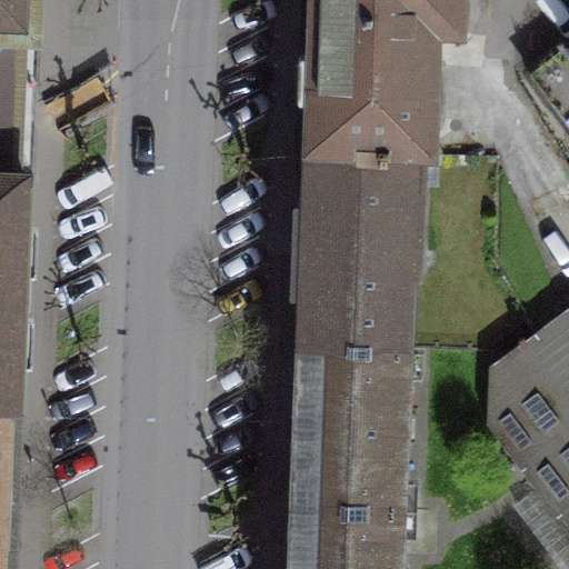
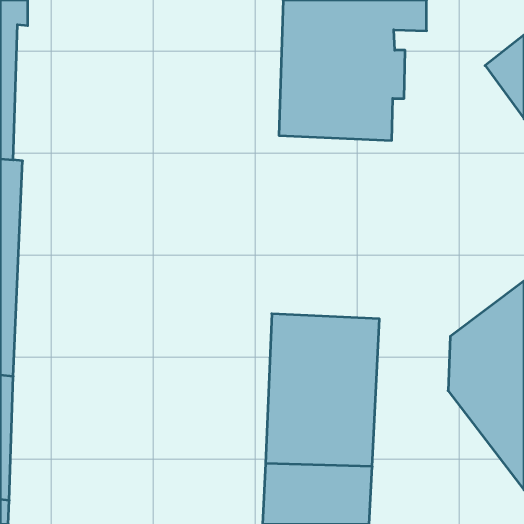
building: [295,147,425,346] -> none

